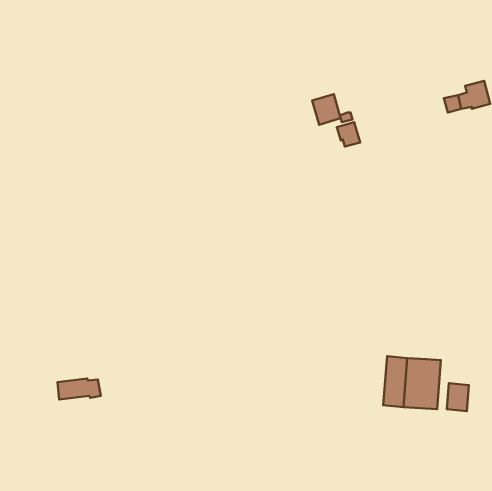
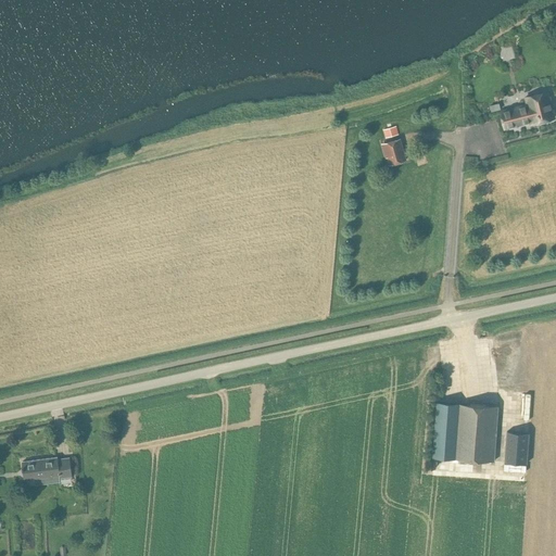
building: [312,94,341,125] -> none
building: [57,378,101,400] -> [23,458,72,482]

